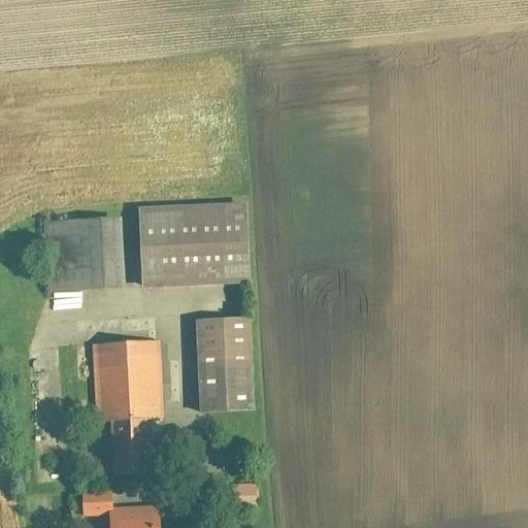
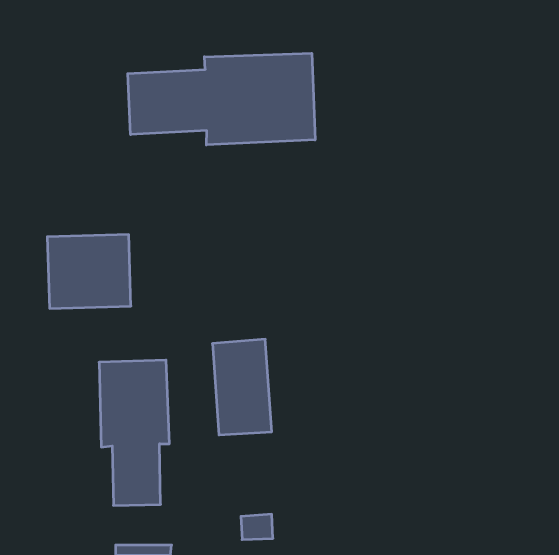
building: none -> [128,53,315,145]
building: [138,203,248,287] -> none
building: [80,490,111,509] -> none

